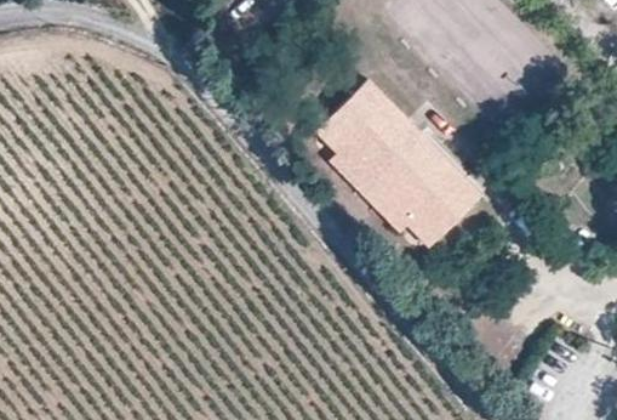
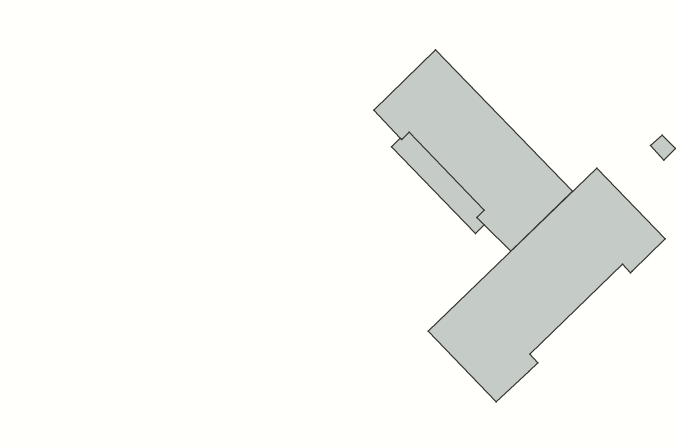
building: none -> [428,168,665,402]

